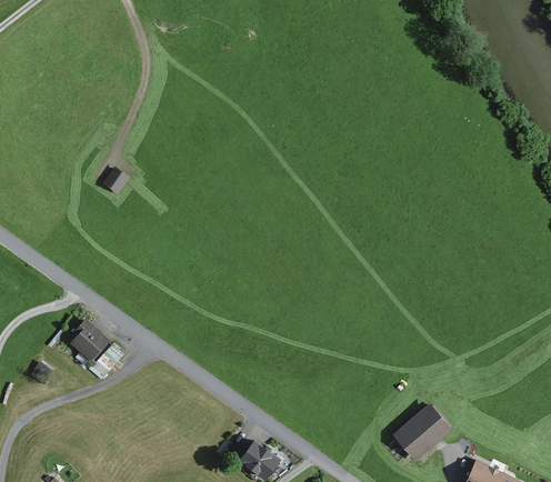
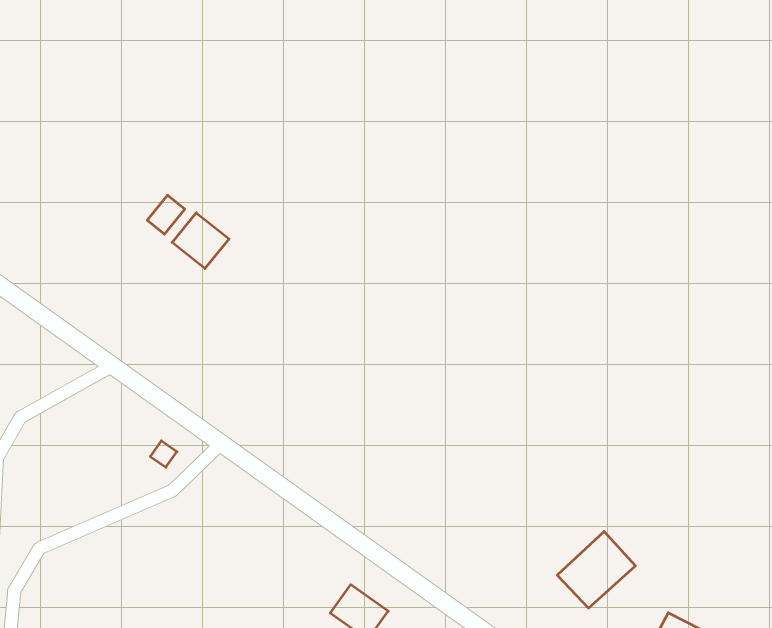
building: none -> [172,213,229,269]
building: [68,324,107,363] -> none

